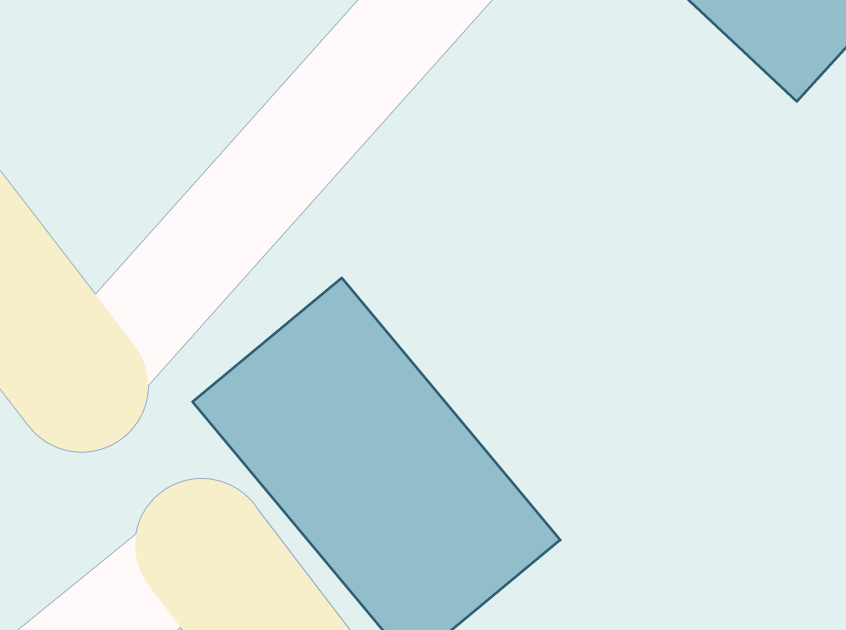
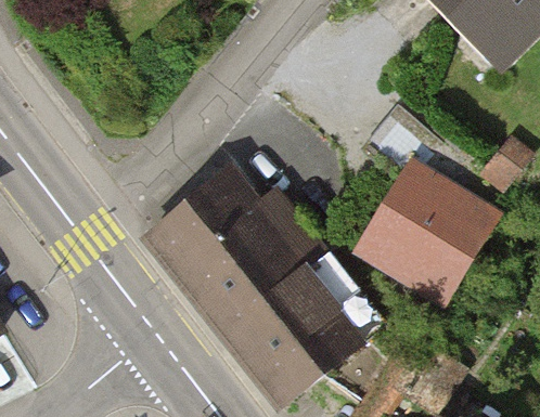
building: none -> [351,154,505,312]

